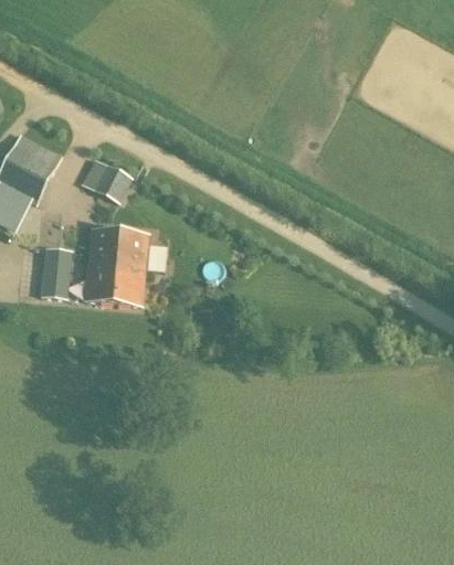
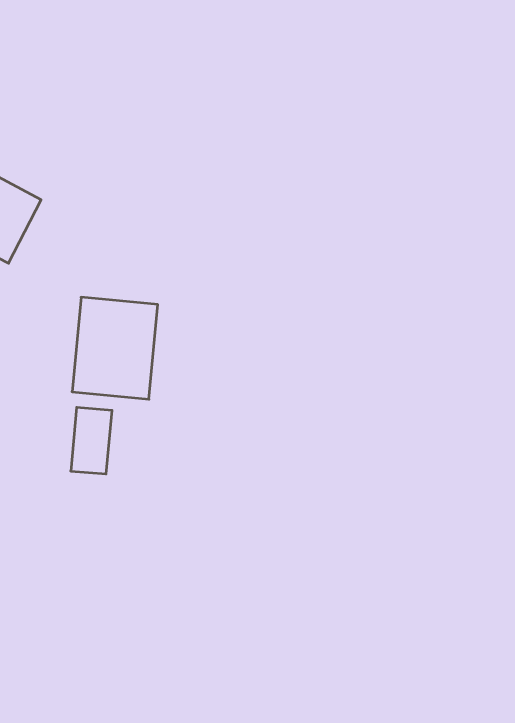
building: [81,158,131,203] -> none
building: [41,248,72,298] -> [71,407,112,474]

